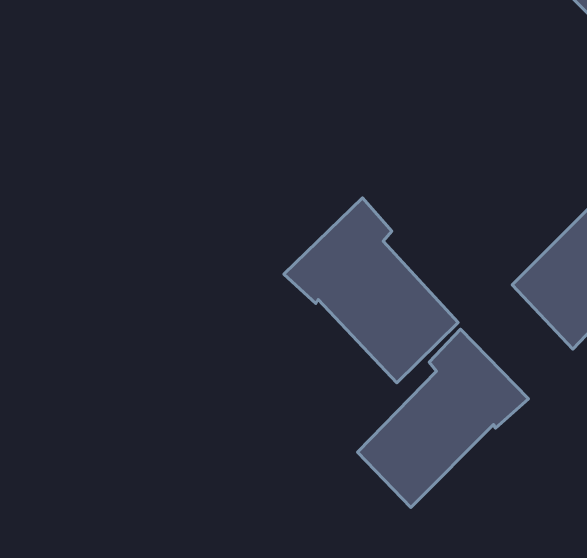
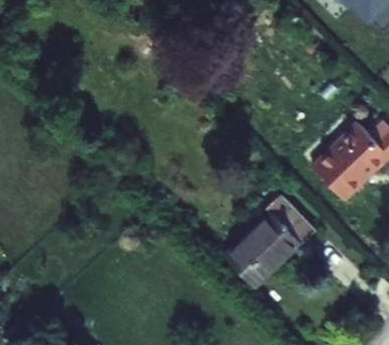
building: [284,198,458,383] -> none

